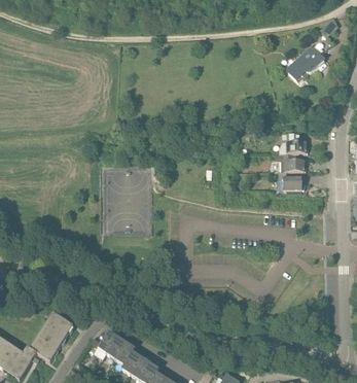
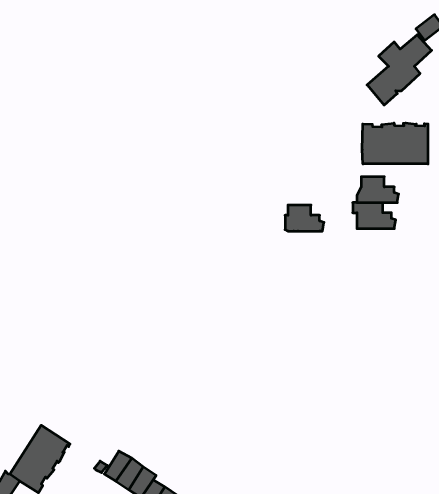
building: none -> [362,123,428,164]
building: [278,171,306,189] -> [285,205,324,231]

